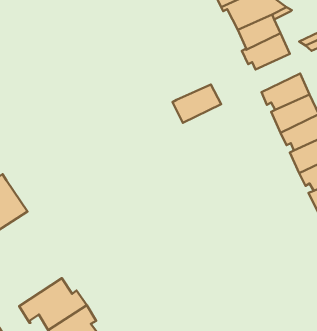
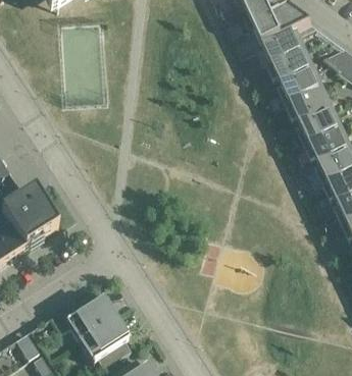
building: [172,84,221,123] -> [278,71,325,109]

